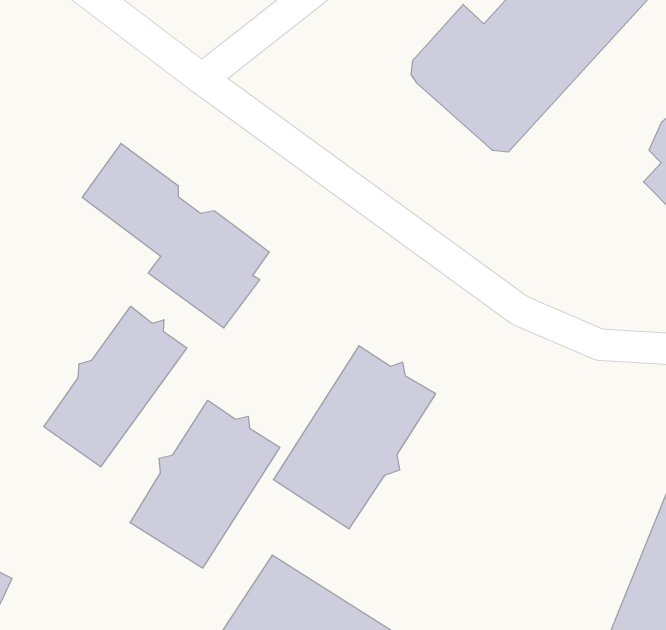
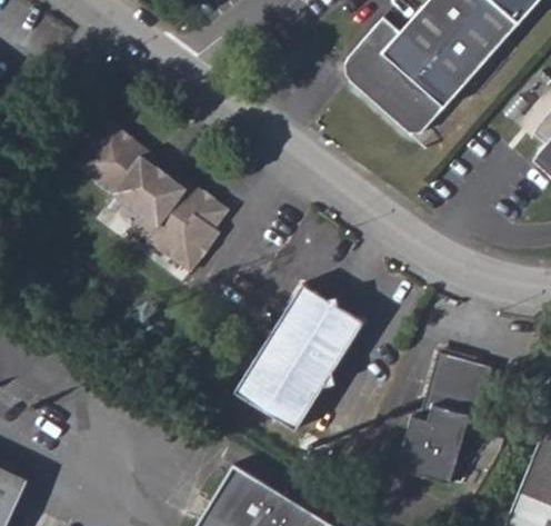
building: [44,306,187,467] -> none
building: [130,400,280,568] -> none
building: none -> [394,360,492,495]

